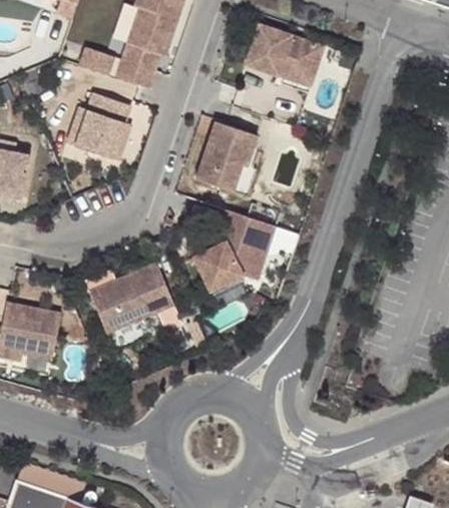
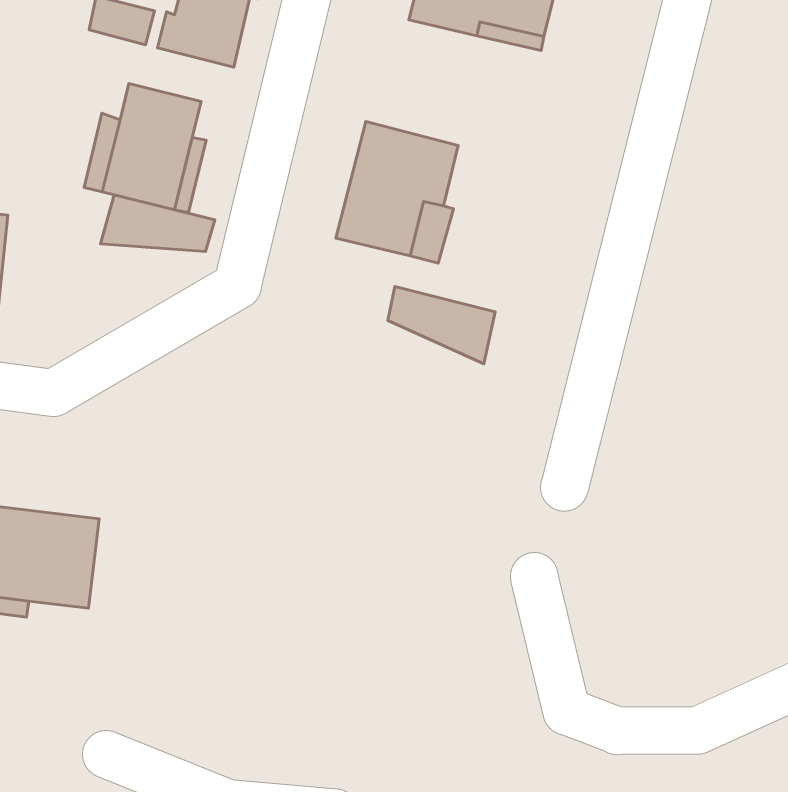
building: none -> [100,195,215,252]
building: [192,223,266,290] -> none
building: [87,264,171,333] -> none

